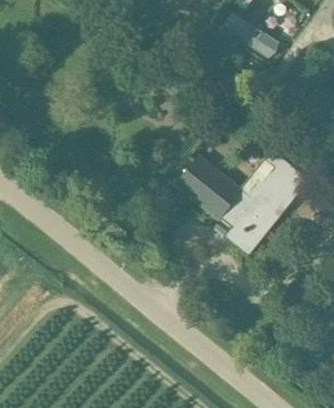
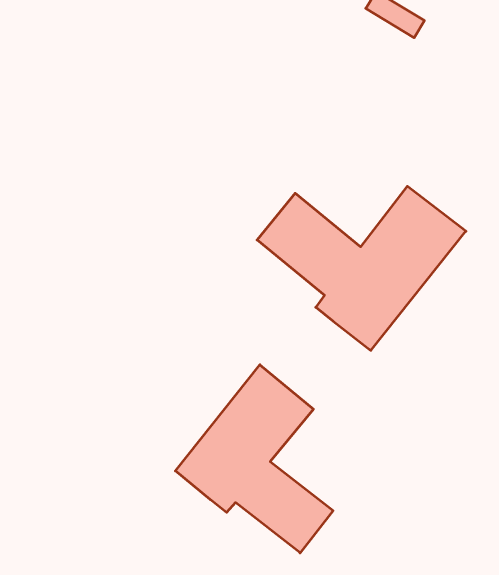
building: none -> [175,365,333,553]

